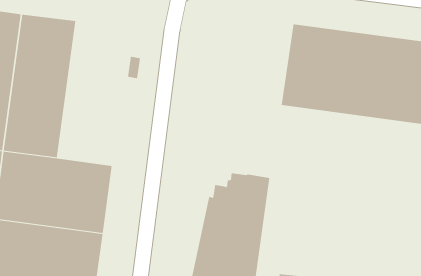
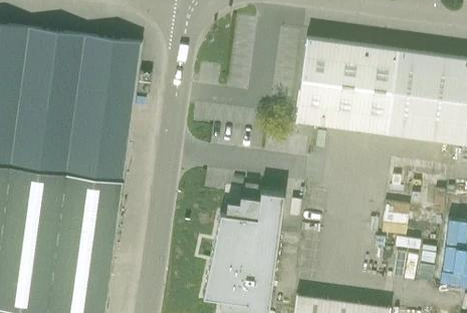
building: none -> [65,36,141,185]

